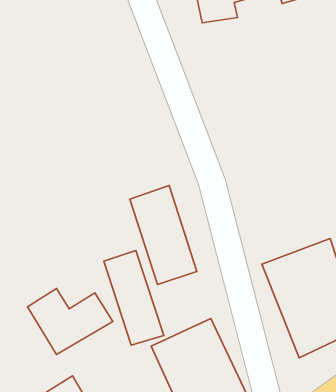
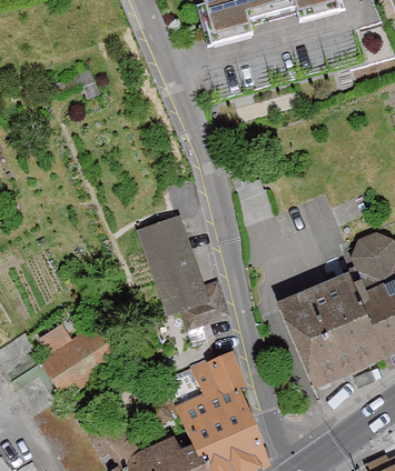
building: [104,251,164,345] -> none

